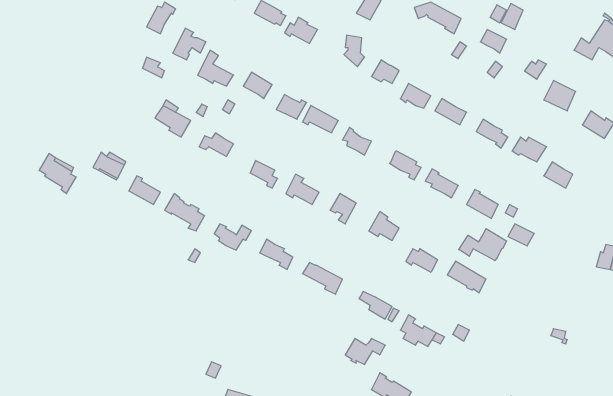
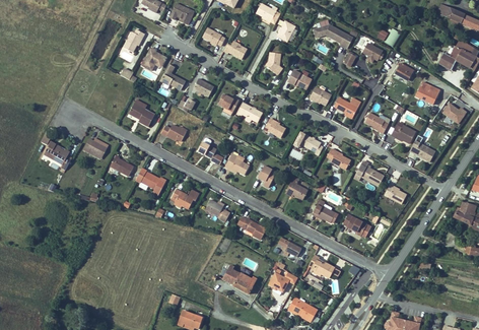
building: [459,229,507,261] -> none
building: none -> [221,265,255,294]

